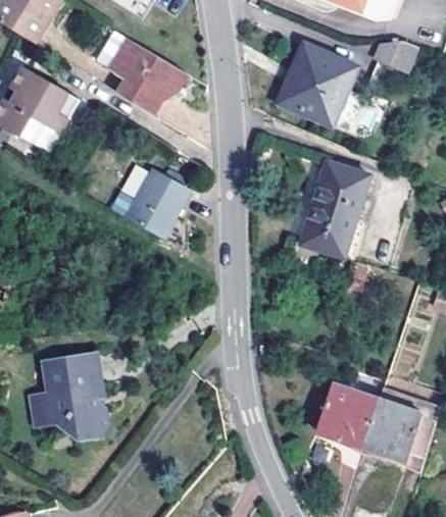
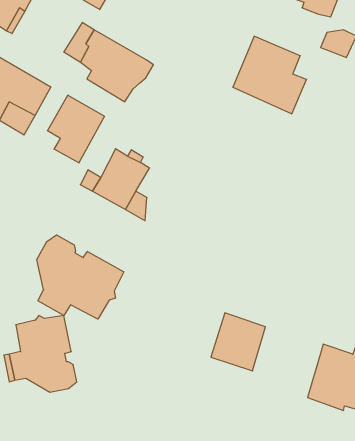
building: none -> [47,95,104,163]
building: [301,160,368,254] -> none
building: none -> [37,235,124,319]
building: [315,380,376,445] -> [211,313,265,371]

